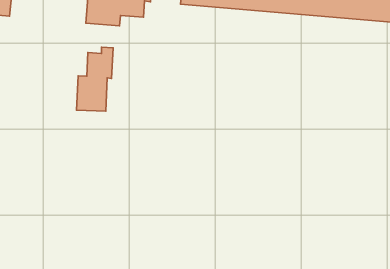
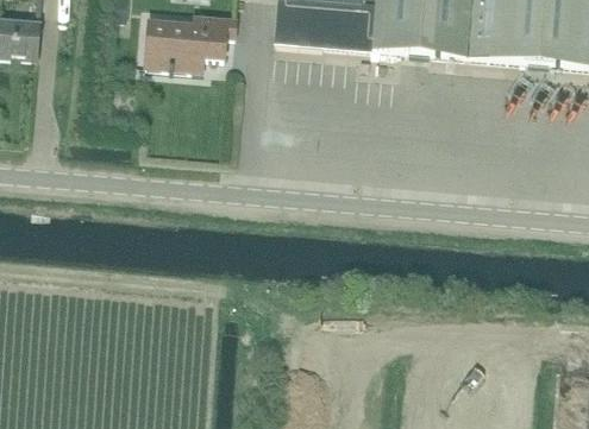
building: [77,47,113,111] -> none

